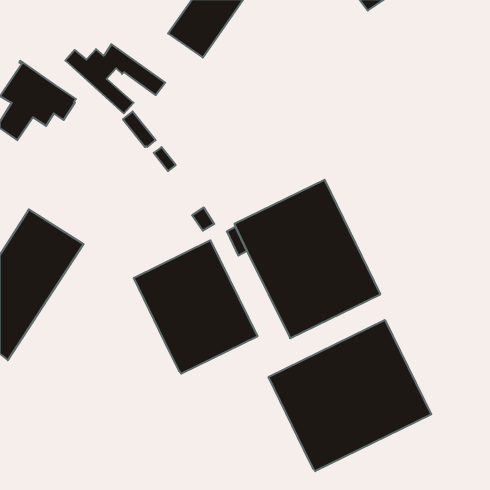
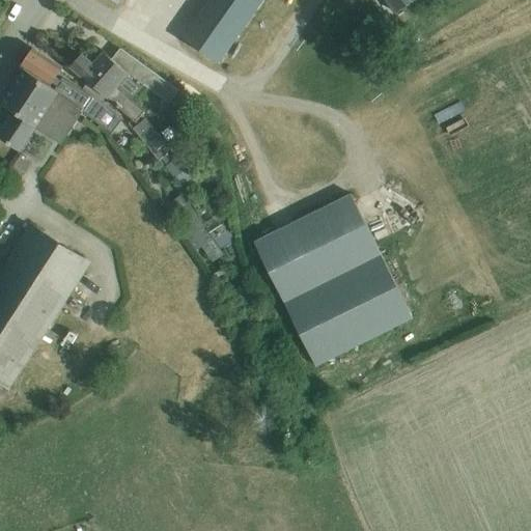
building: none -> [22,48,122,133]
building: [134,240,257,374] -> none
building: [269,320,431,471] -> none

